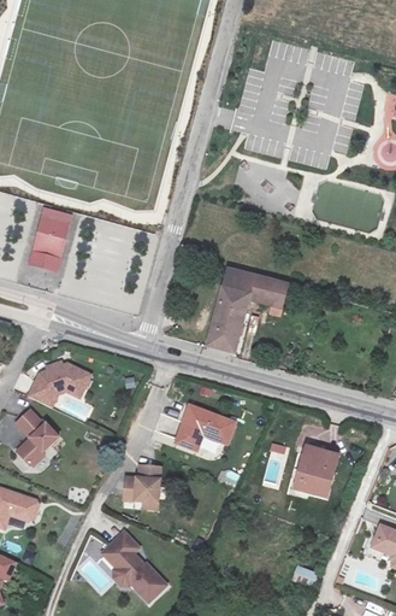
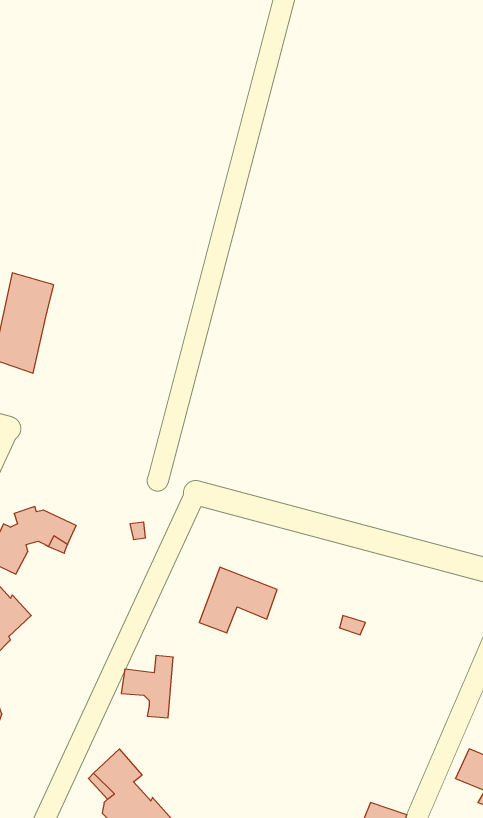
building: [214,260,294,345] -> none
building: [295,446,336,498] -> none

